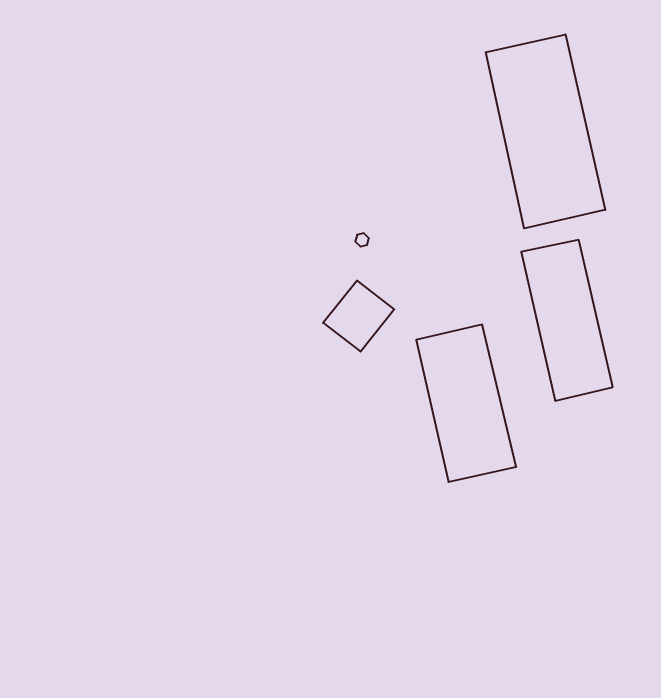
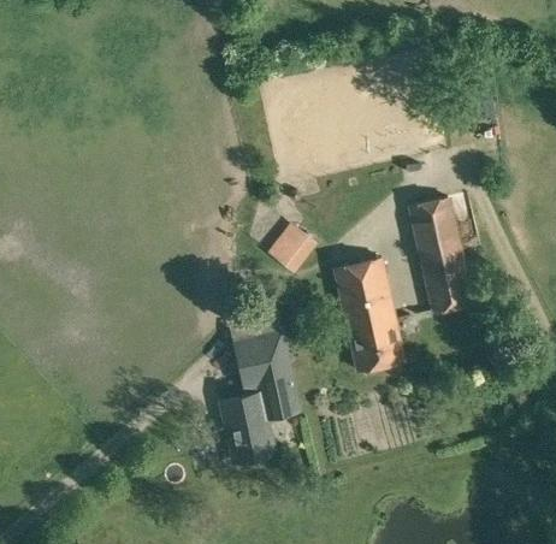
building: [486,34,605,228] -> none
building: none -> [218,326,302,463]

